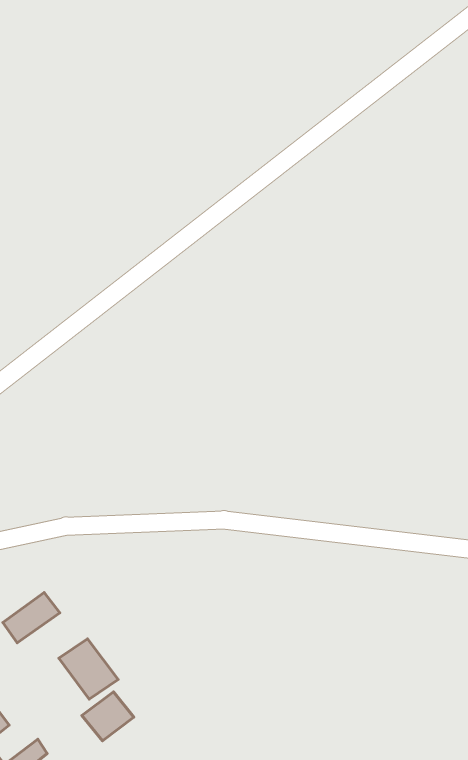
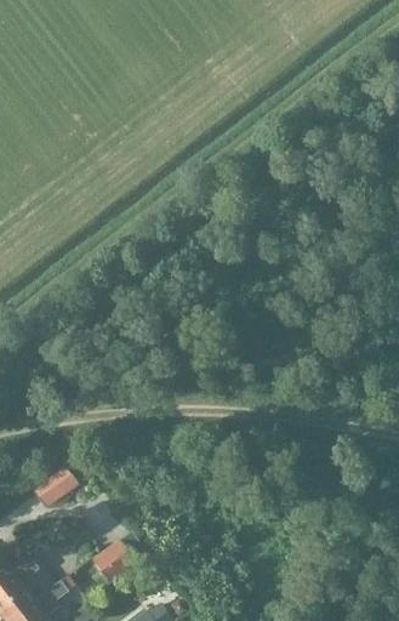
building: [59,639,118,699] -> none

